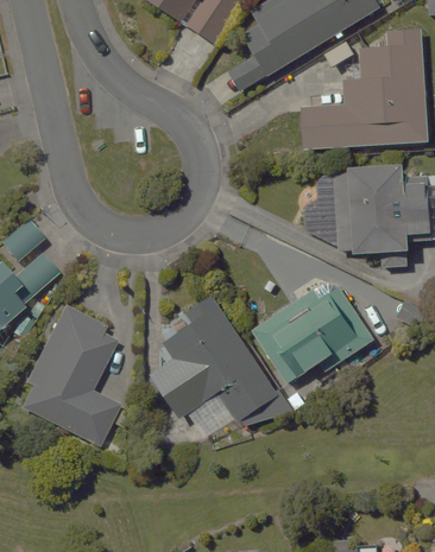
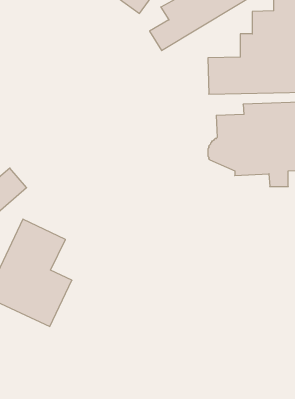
building: [250,279,367,385] -> none
building: [153,296,277,439] -> none

